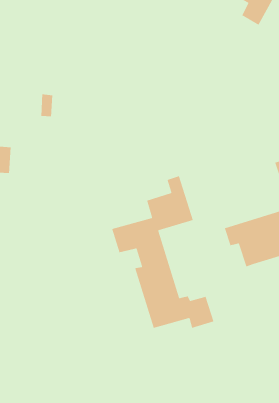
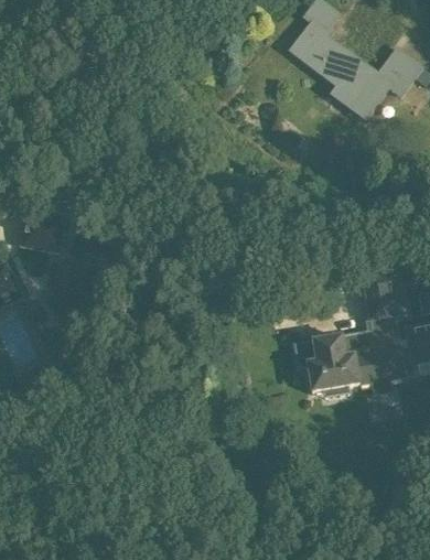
building: [111,175,215,329] -> none

